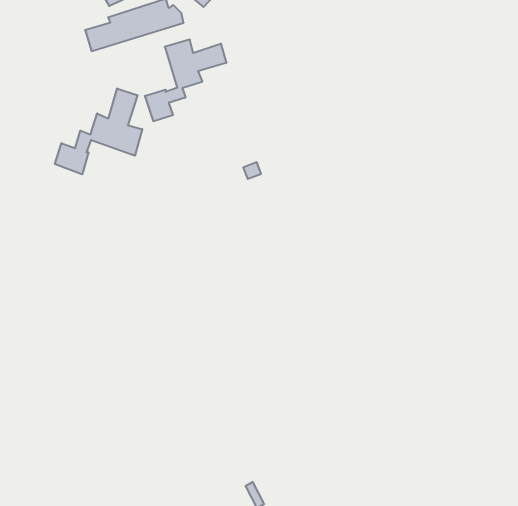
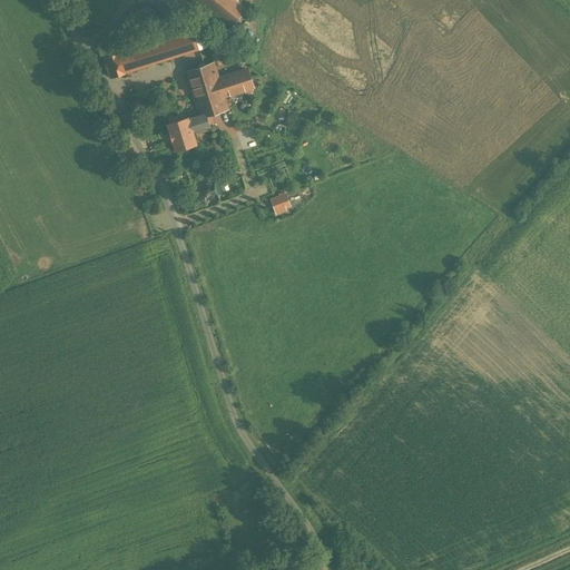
building: [55,88,142,174] -> none

